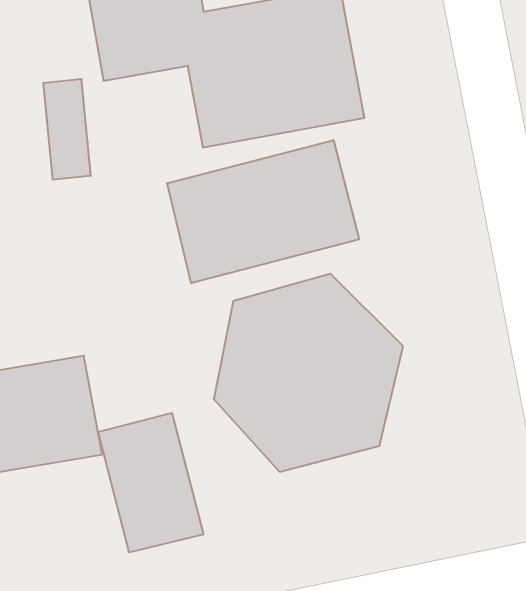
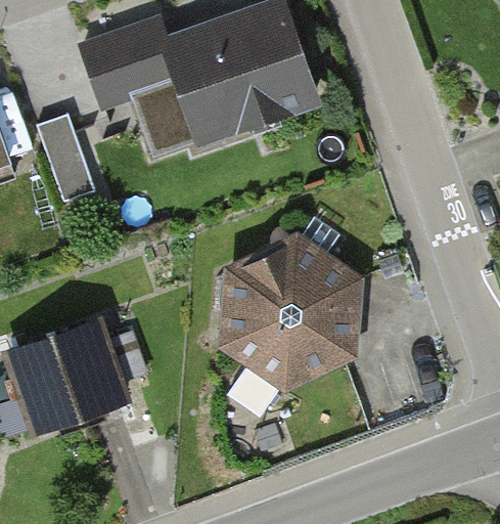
building: [167,140,359,283] -> none
building: [98,413,203,552] -> none

